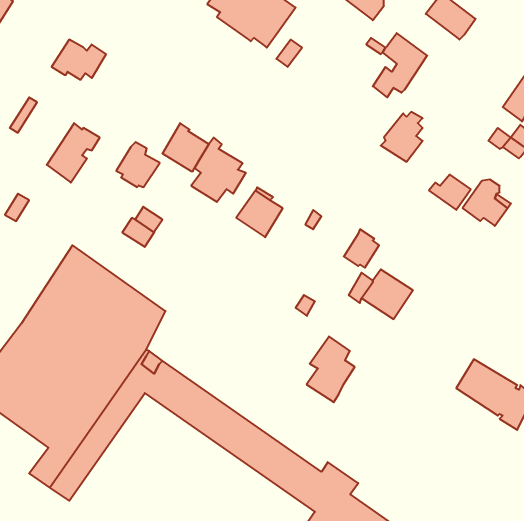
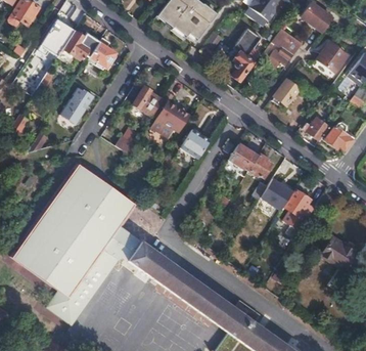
building: none -> [38,19,74,59]
building: none -> [232,28,261,81]
building: none -> [316,41,347,73]
building: [116,142,160,187] -> [88,38,116,67]
building: none -> [226,143,258,176]
building: [307,336,355,402] -> [282,189,313,231]

